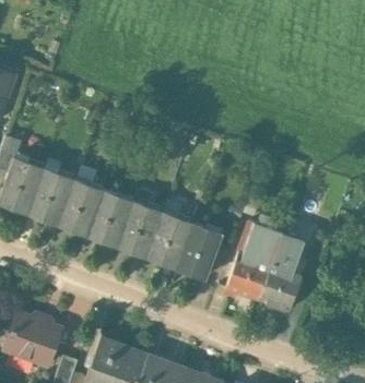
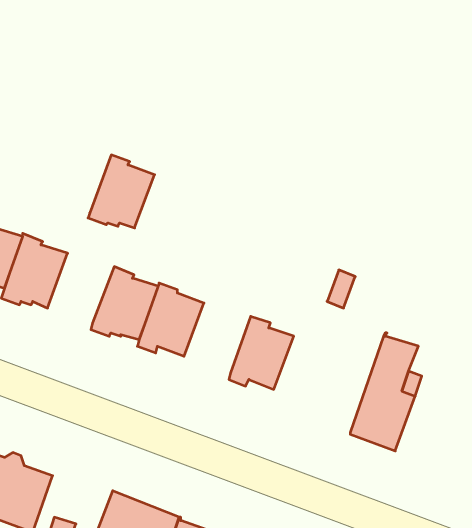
building: [58,180,102,228] -> [88,155,155,228]
building: [148,213,192,261] -> none
building: [226,223,281,300] -> none

